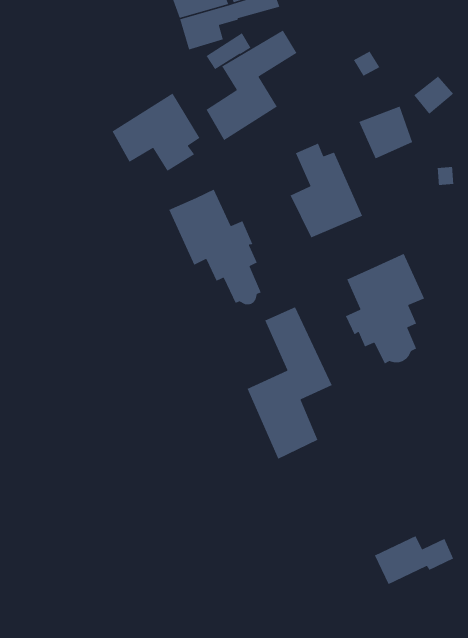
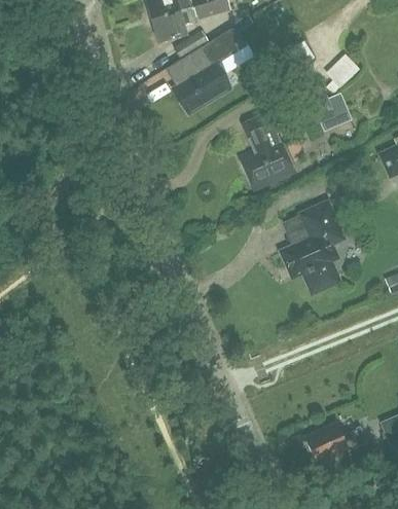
building: [112,93,201,172] -> none
building: [168,189,262,305] -> none
building: [247,306,333,460] -> none

